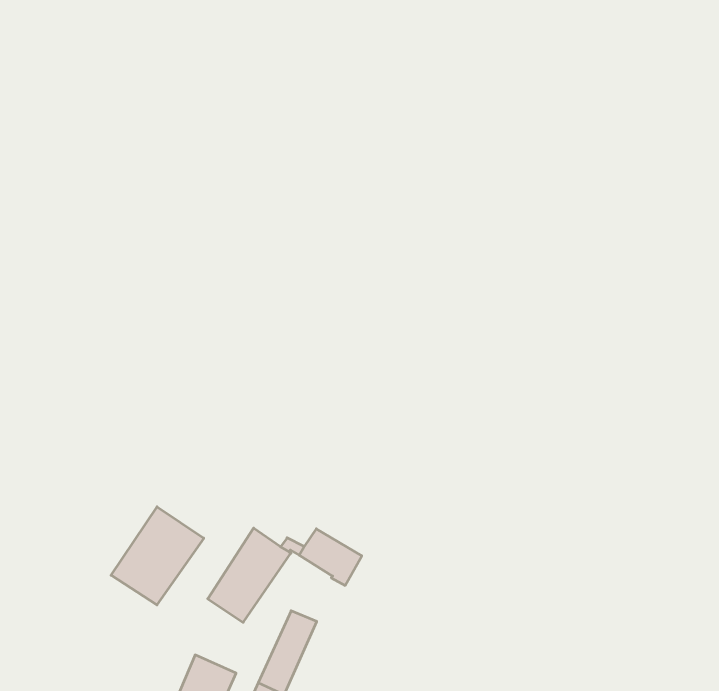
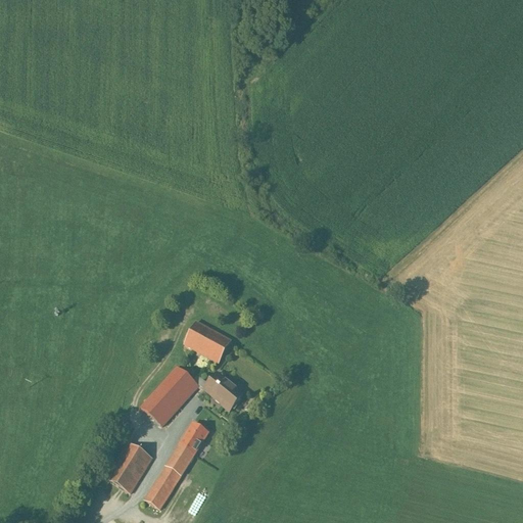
building: none -> [184,320,231,362]
building: [111,507,204,605] -> none

